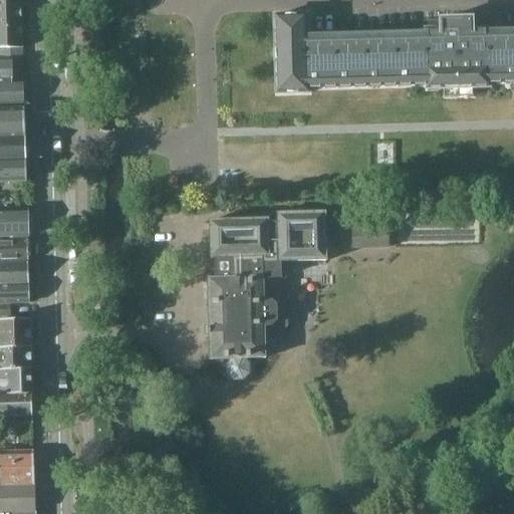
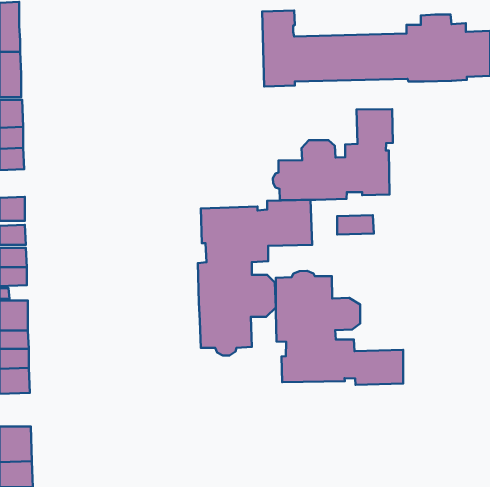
building: none -> [273,109,393,200]
building: none -> [276,271,403,385]

